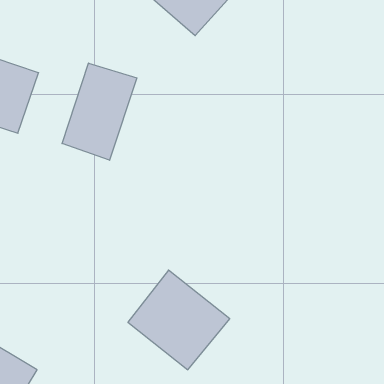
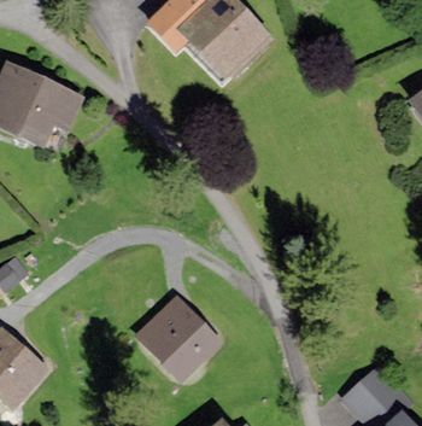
building: [62,63,137,160] -> none

